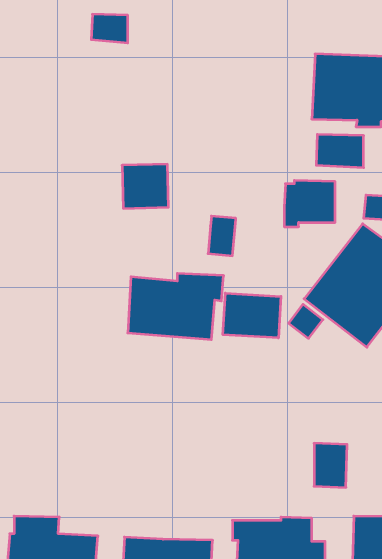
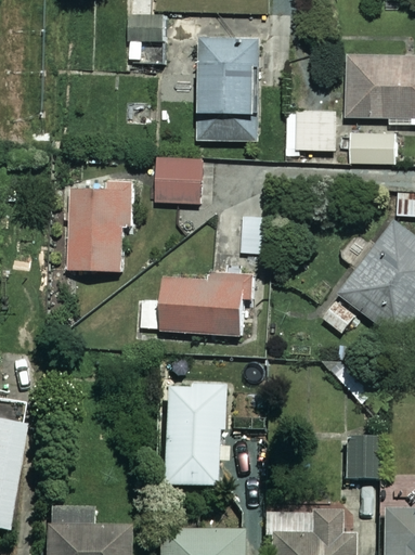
building: none -> [195,38,259,142]
building: [284,180,335,227] -> [285,109,335,155]
building: none -> [64,183,133,268]
building: [223,293,281,338] -> none
building: none -> [164,385,226,487]

